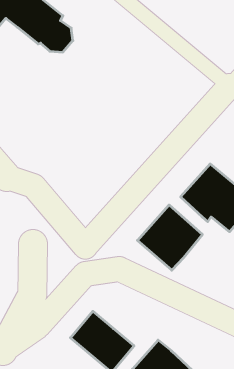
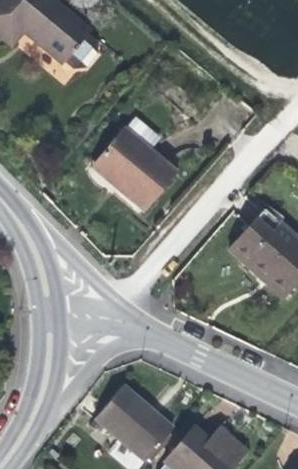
building: none -> [90,113,175,208]
building: [137,205,202,270] -> none

